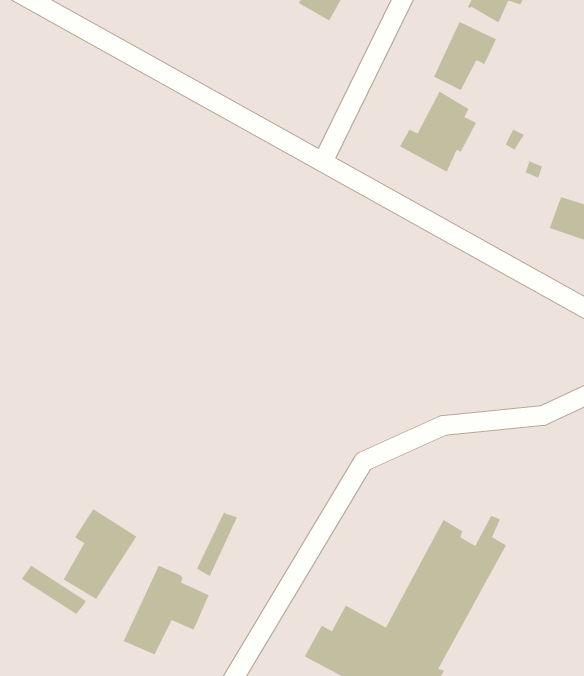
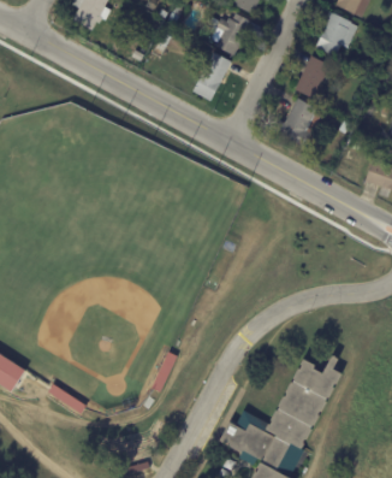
building: none -> [192,52,232,101]
building: [63,508,137,600] -> none
building: [123,565,210,655] -> none

